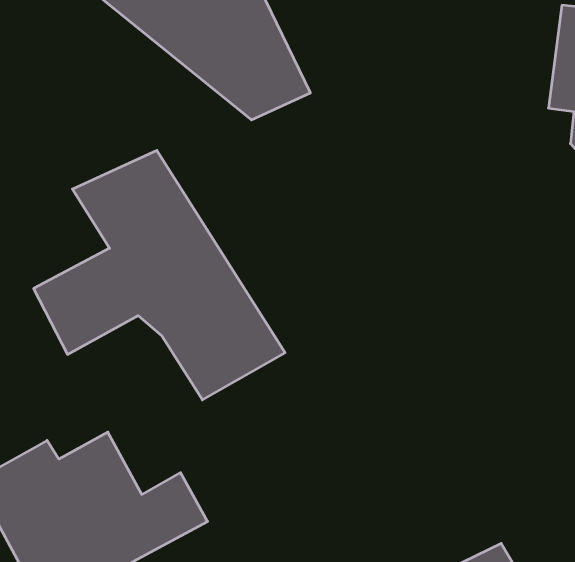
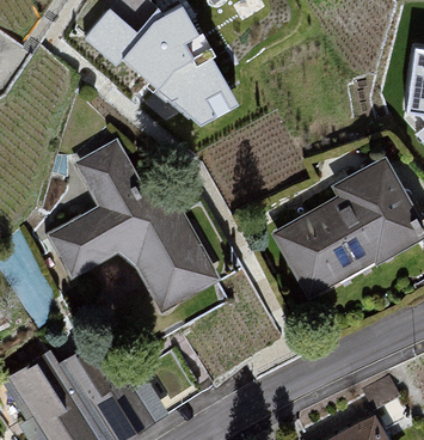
building: none -> [266,160,417,305]

